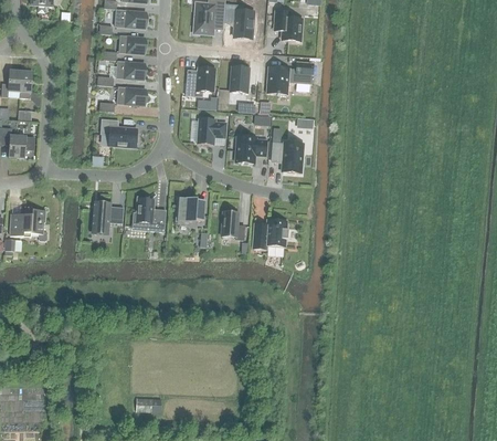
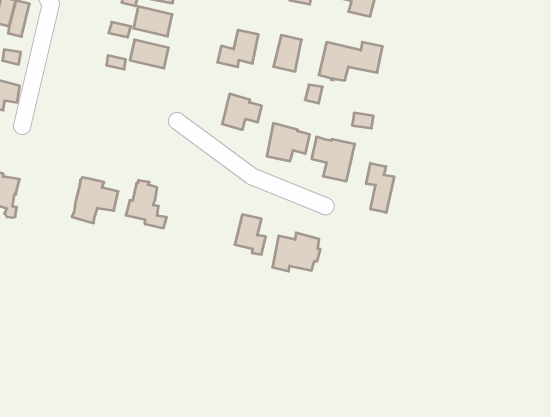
building: [99,117,138,146] -> none
building: none -> [366,163,394,213]
building: [176,196,204,221] -> none

